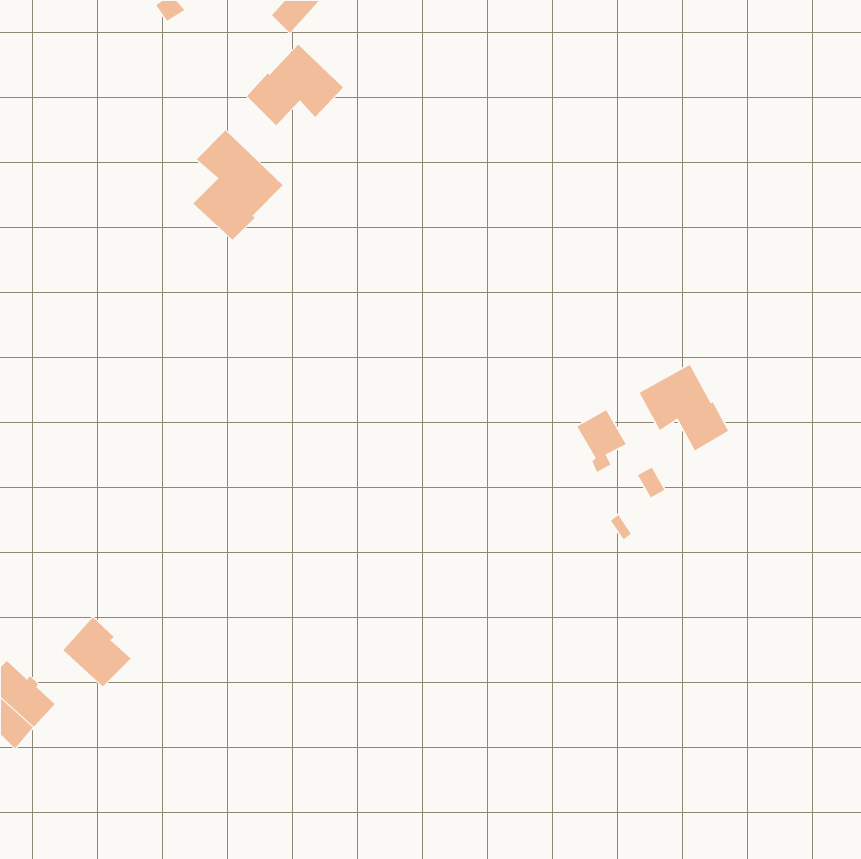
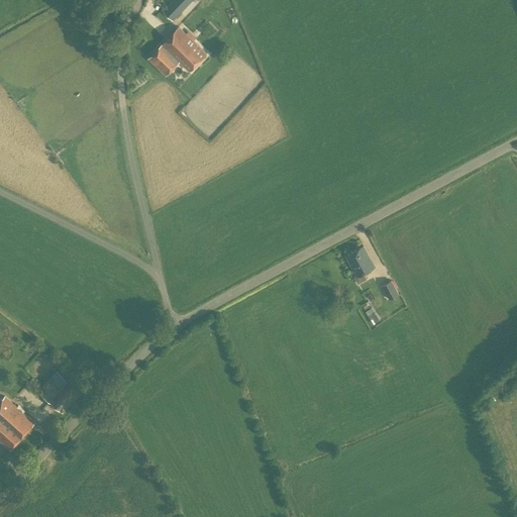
building: [193,129,284,241] -> none
building: [639,364,729,451] -> none

